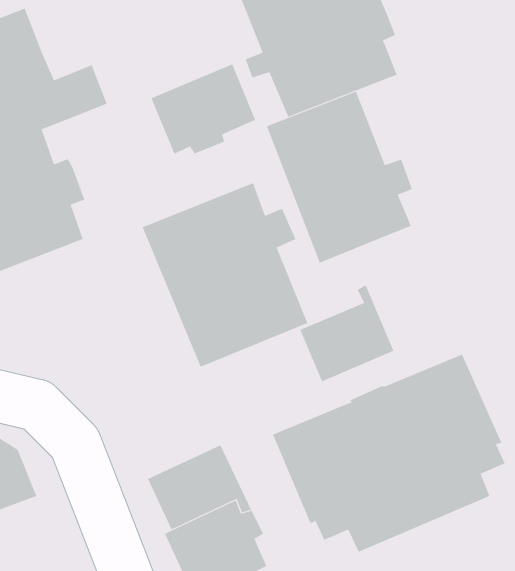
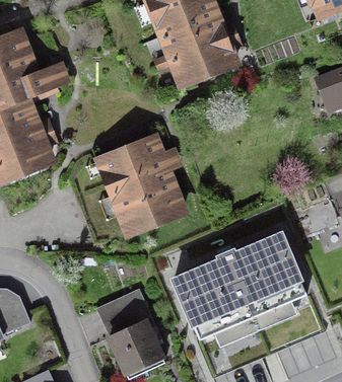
building: [151,63,256,155] -> none
building: [266,91,413,263] -> none
building: [299,284,394,382] -> none

